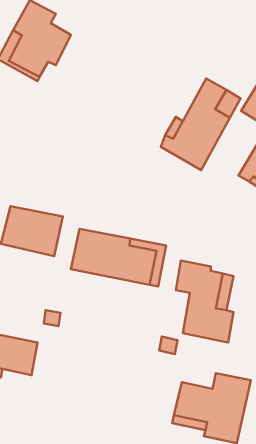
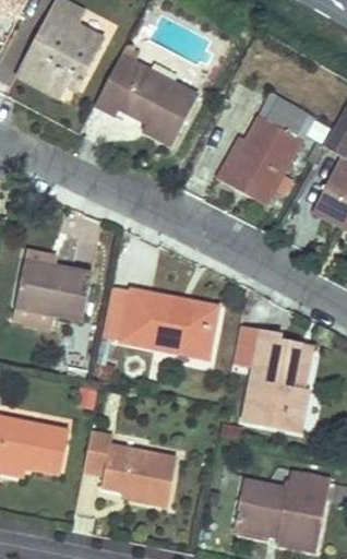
building: none -> [95,47,200,152]
building: none -> [83,429,176,502]

